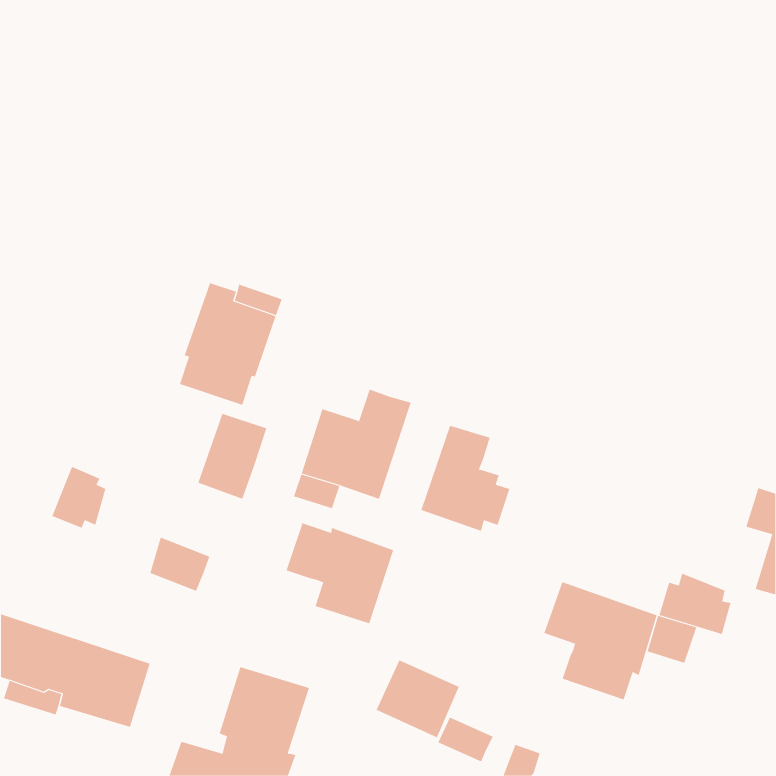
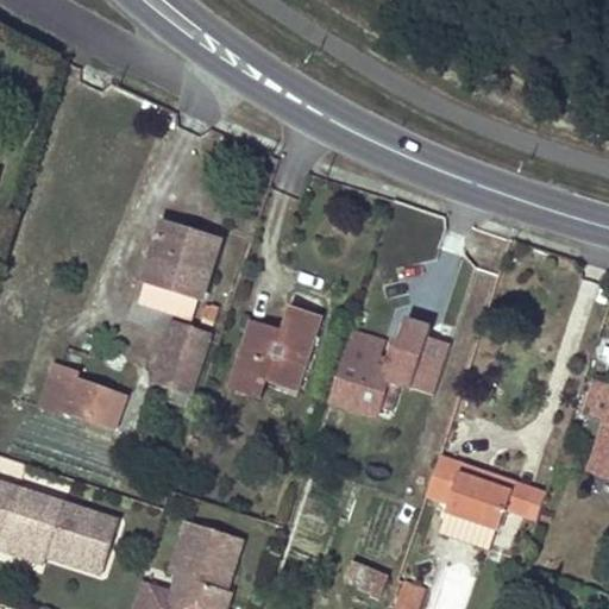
building: none -> [376,322,452,395]
building: [286,523,394,624] -> none
building: [149,537,210,591] -> [75,383,123,426]
building: [659,573,731,635] -> none
building: [376,660,460,738] -> none

